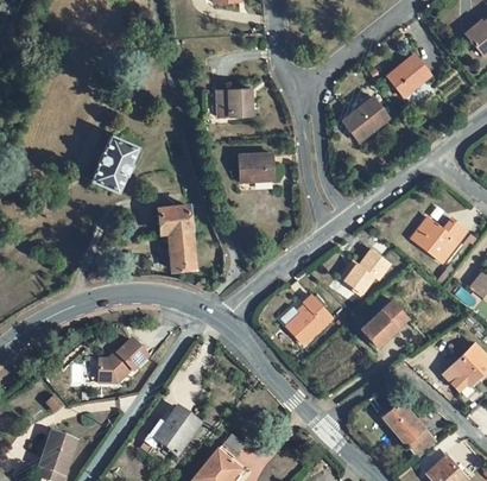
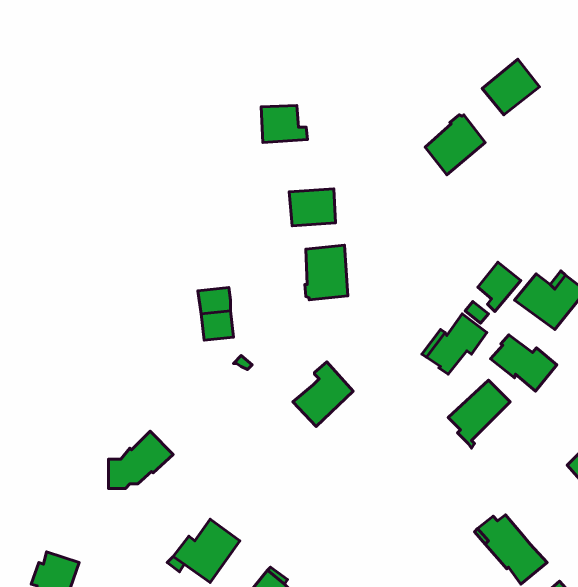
building: [91,134,137,190] -> none
building: none -> [305,245,348,300]
building: [158,204,191,232] -> none
building: none -> [478,262,521,311]
building: none -> [491,335,557,391]
building: [285,295,331,344] -> [293,362,353,427]

